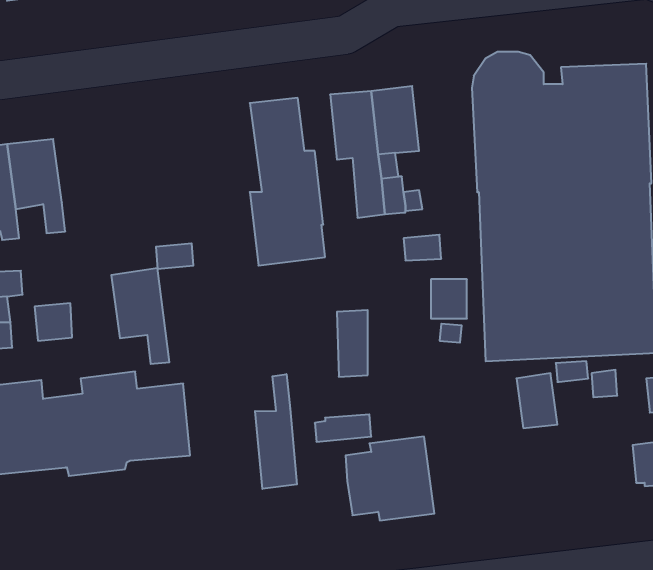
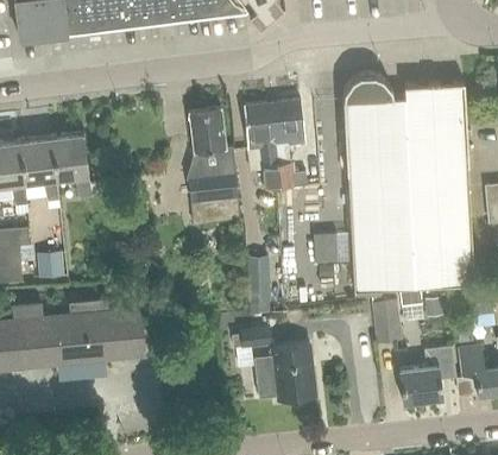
building: [111,268,169,364] -> [51,132,92,198]
building: [255,374,297,489] -> none
building: none -> [398,347,456,404]

